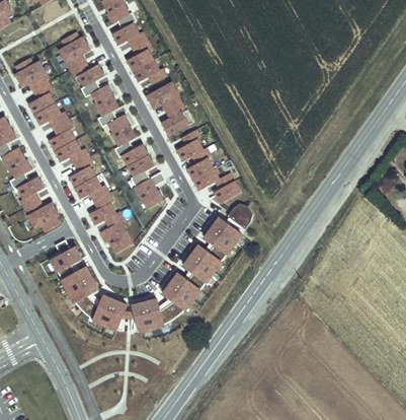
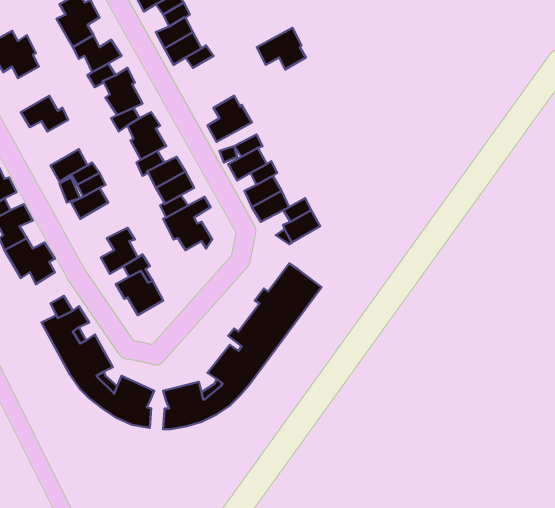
building: [28,82,54,114] -> none
building: [147,82,180,111] -> [257,28,306,69]
building: [49,119,74,150] -> none
building: [75,176,107,200] -> none
building: [226,203,252,228] -> none

